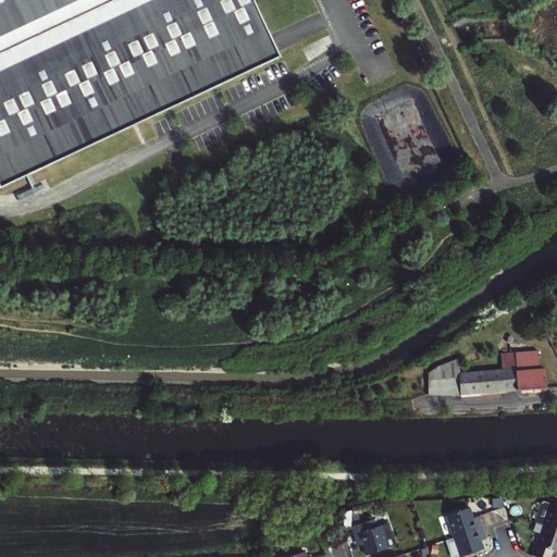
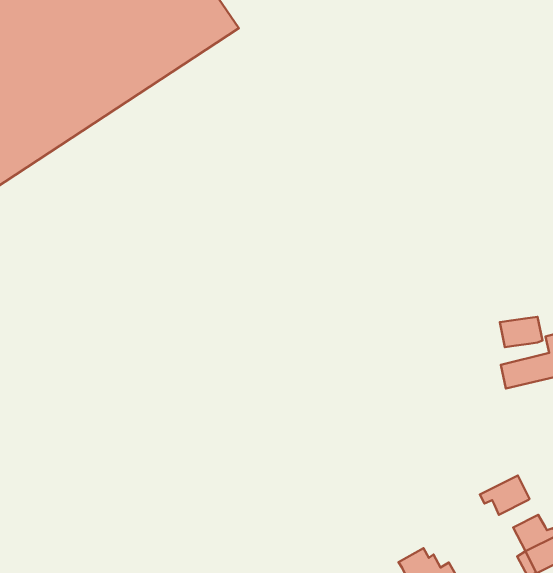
building: [428,371,461,393] -> [500,317,542,347]
building: none -> [480,475,530,515]

